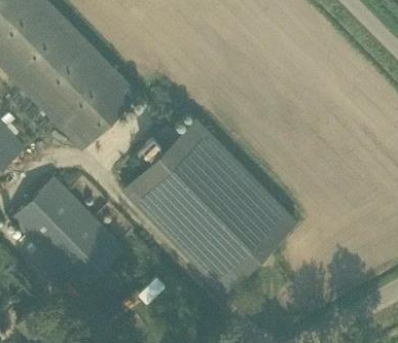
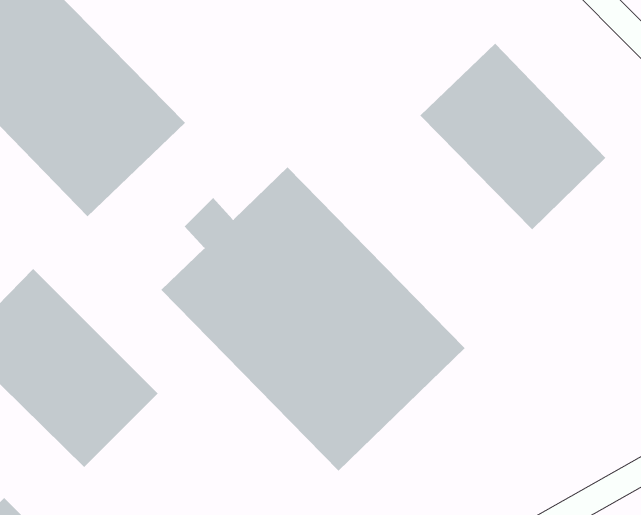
building: none -> [420,43,606,230]

